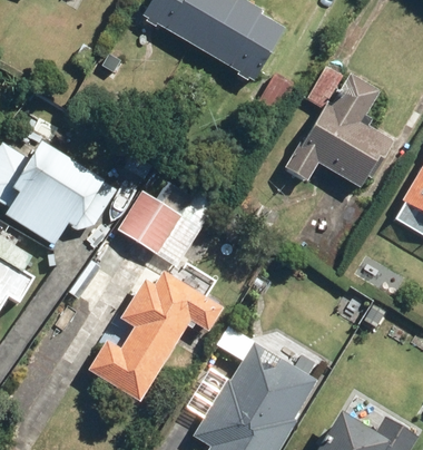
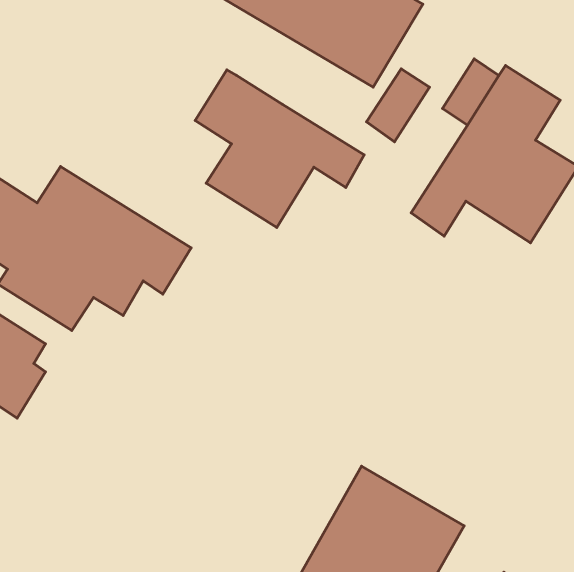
building: none -> [195,70,364,227]
building: [117,189,183,255] -> none
building: [86,271,224,403] -> none

